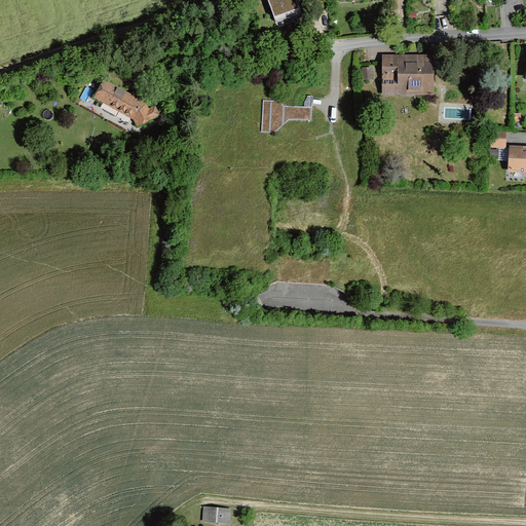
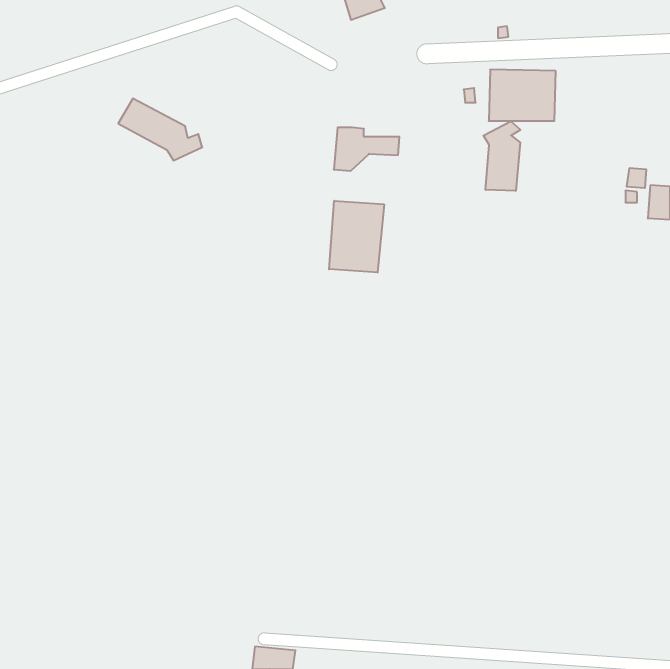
building: none -> [483,121,520,191]
building: none -> [329,201,384,273]

